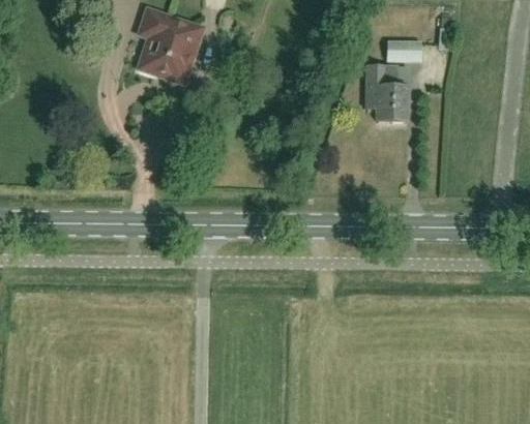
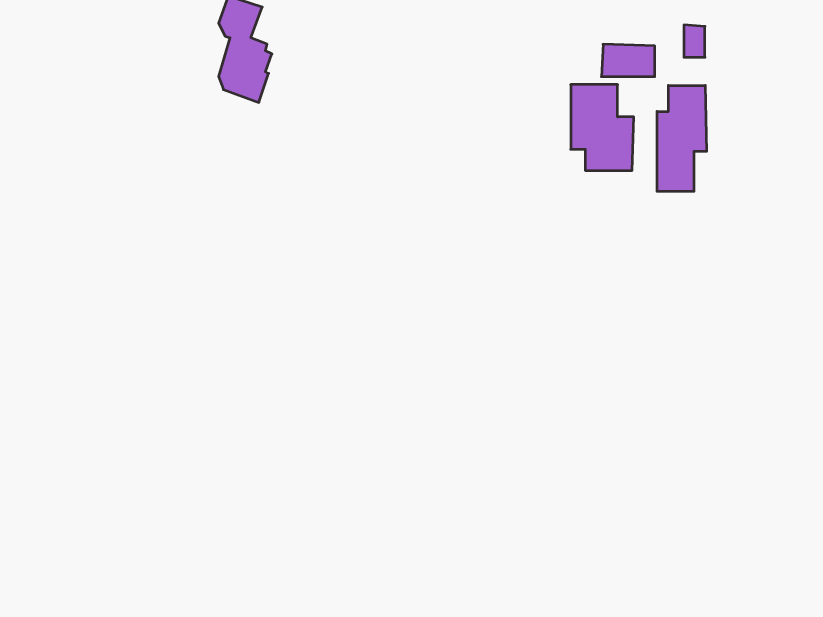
building: [161,17,202,81] -> none
building: none -> [657,85,707,191]

